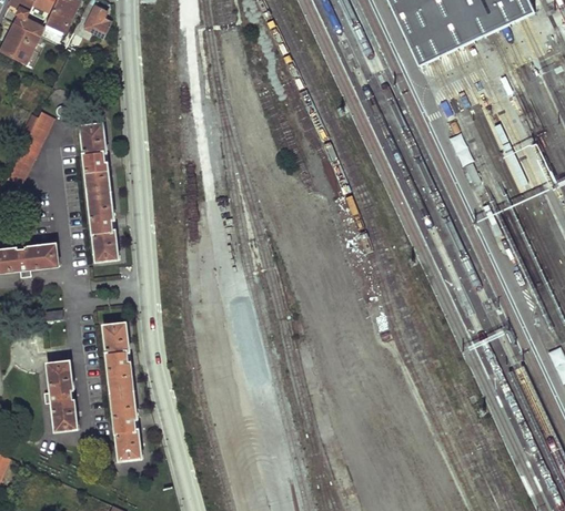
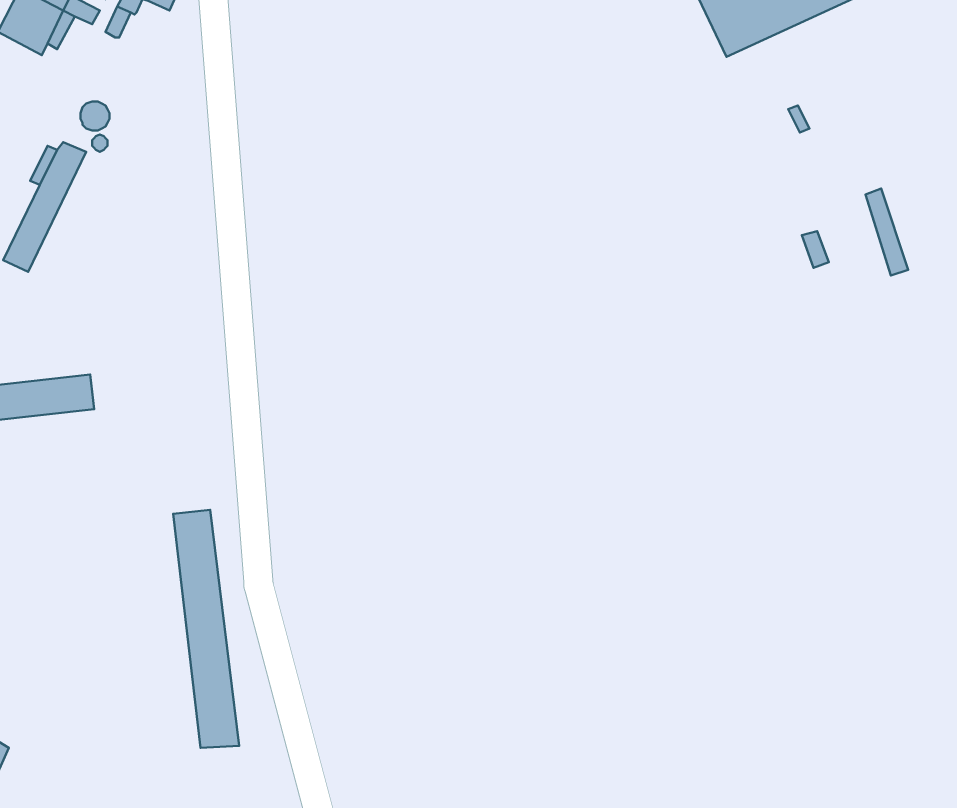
building: [80,123,117,260] -> none
building: [47,360,77,430] -> none

